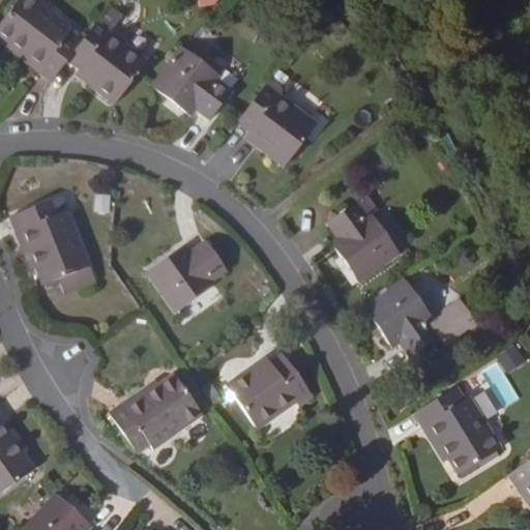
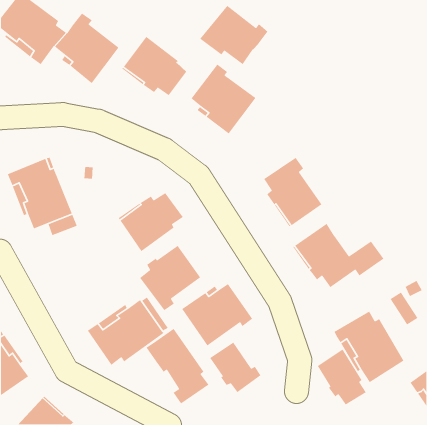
building: none -> [199,5,268,65]
building: none -> [139,245,201,311]
building: none -> [145,328,209,405]
building: none -> [209,341,262,393]
building: none -> [317,349,367,406]

